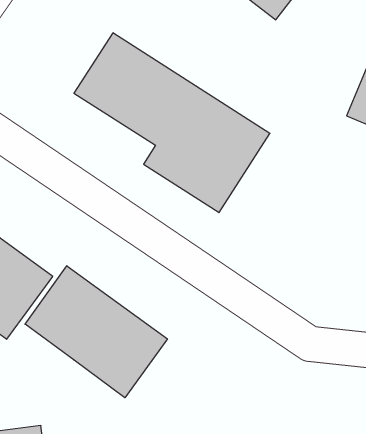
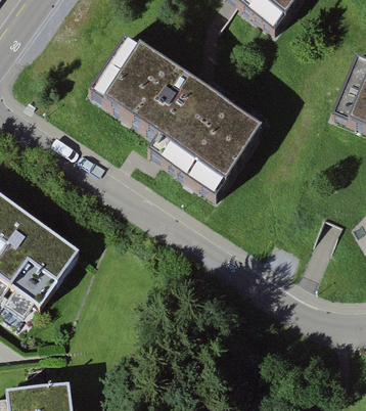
building: [25,266,167,398] -> none

